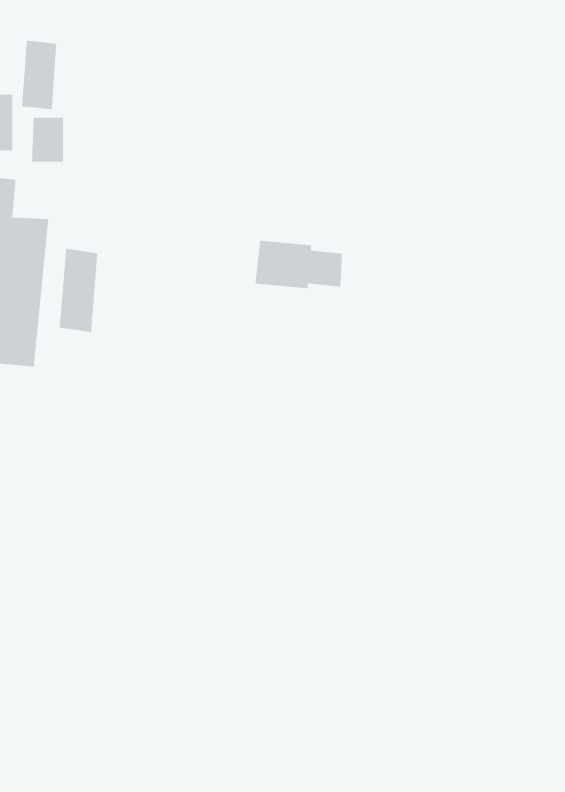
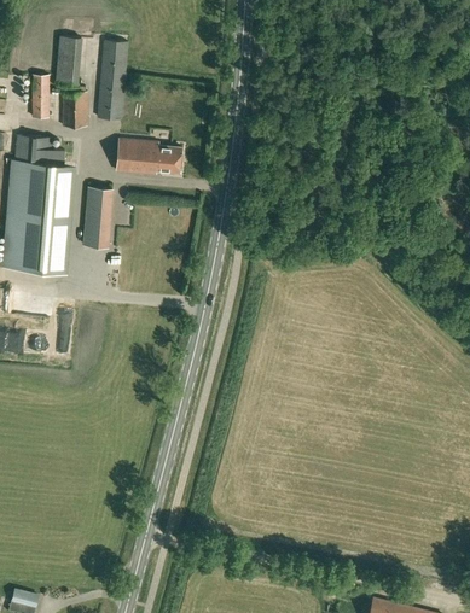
building: none -> [98,39,128,118]
building: [255,240,343,289] -> [116,138,181,174]

